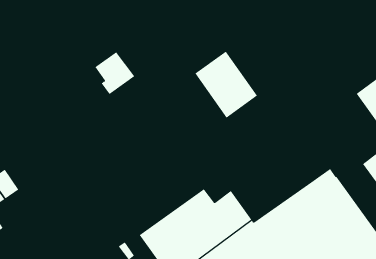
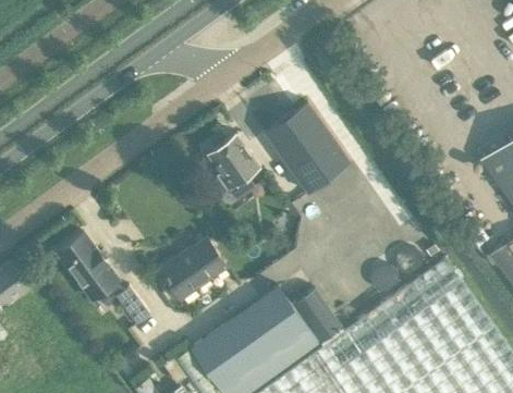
building: [94,52,135,95] -> [207,134,261,192]
building: none -> [58,234,149,324]
building: none -> [159,238,227,300]

